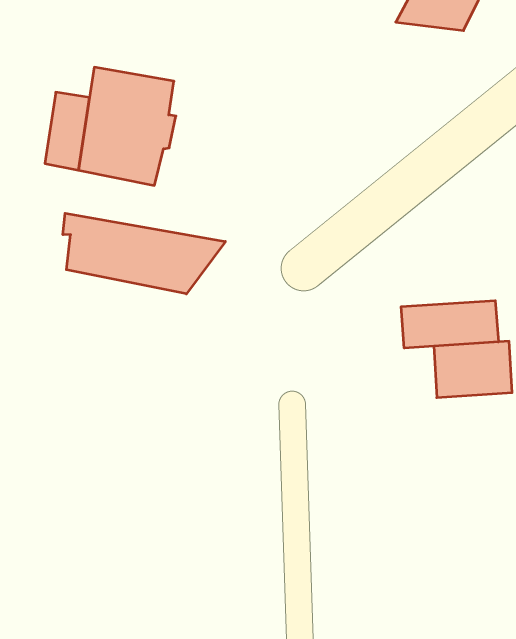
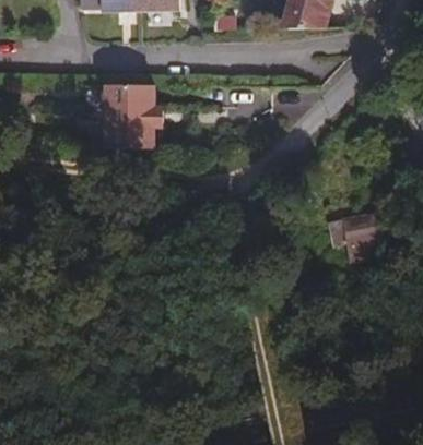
building: [63,213,225,294] -> none
building: [401,301,498,348] -> none

